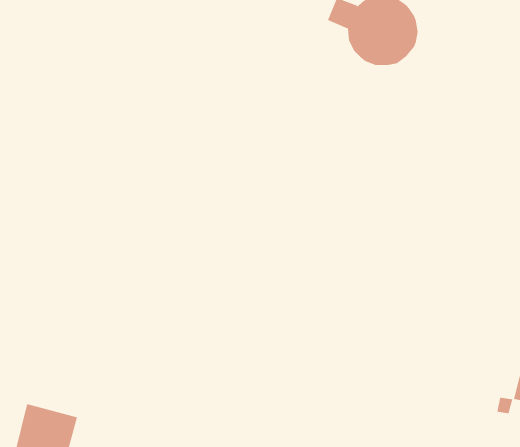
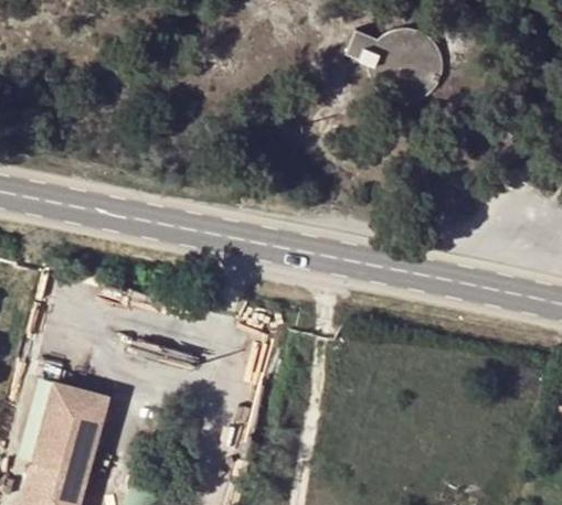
building: none -> [33,378,107,473]

